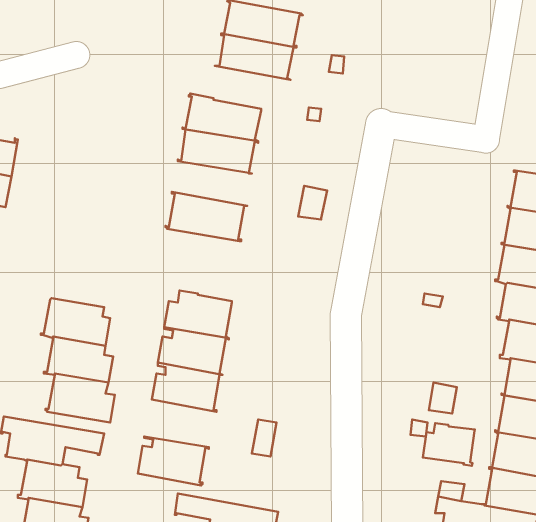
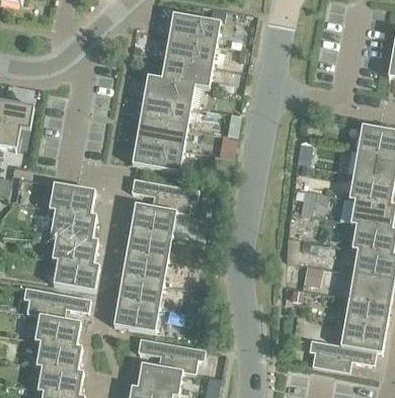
building: none -> [162,56,213,87]
building: none -> [135,118,187,148]
building: none -> [131,177,199,214]
building: none -> [48,182,93,215]
building: none -> [116,275,164,307]
building: [423,423,475,466] -> none

